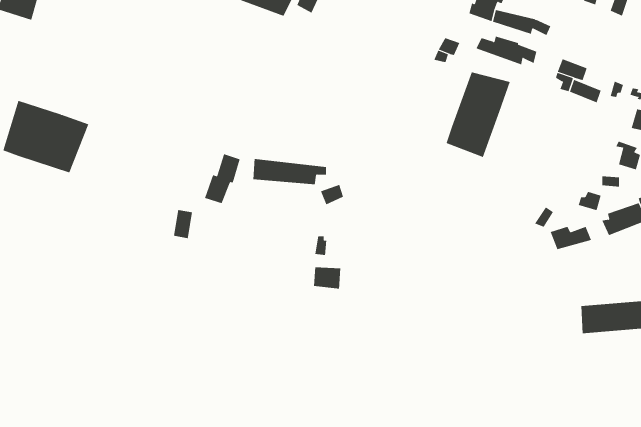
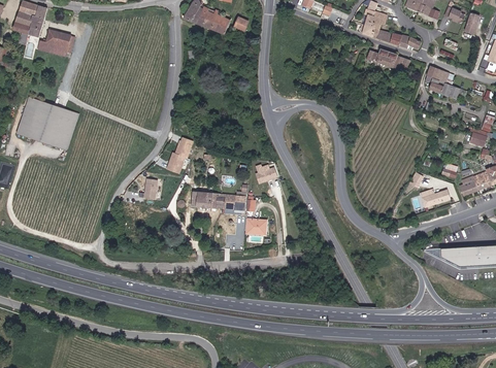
building: none -> [39,30,71,53]
building: [446,71,510,158] -> none
building: [253,158,327,185] -> [191,191,245,210]

